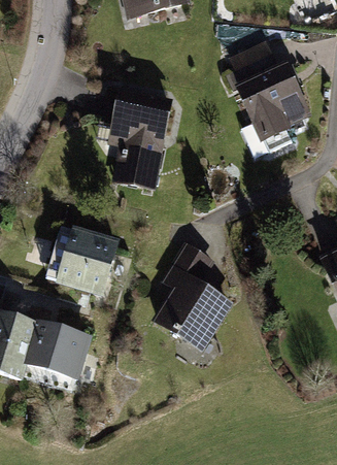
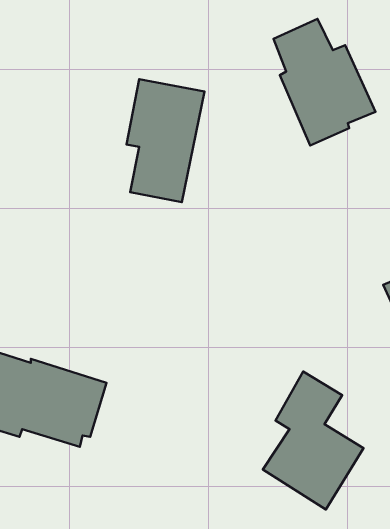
building: [54,225,121,298] -> none
building: [151,238,234,352] -> [263,371,364,510]

